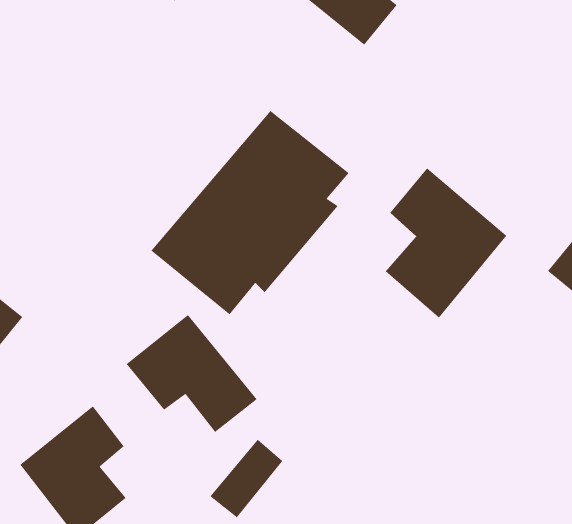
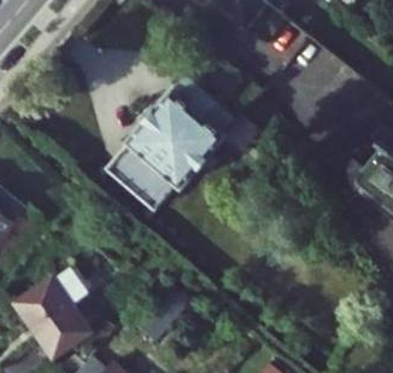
building: [385,167,507,318] -> none
building: [126,314,258,433] -> none

